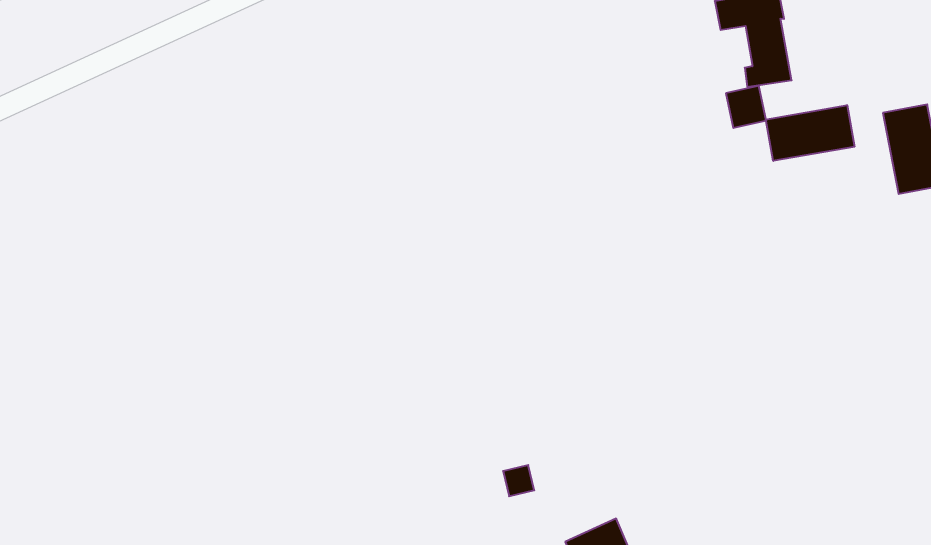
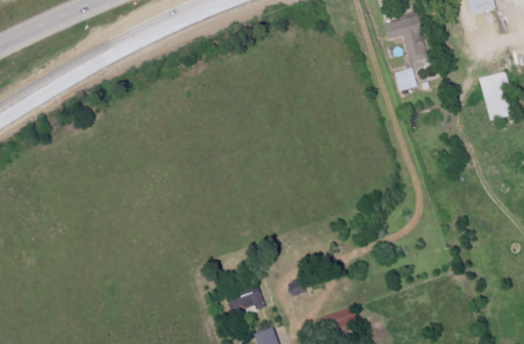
building: [766,105,854,161] -> none
building: none -> [224,283,264,313]

